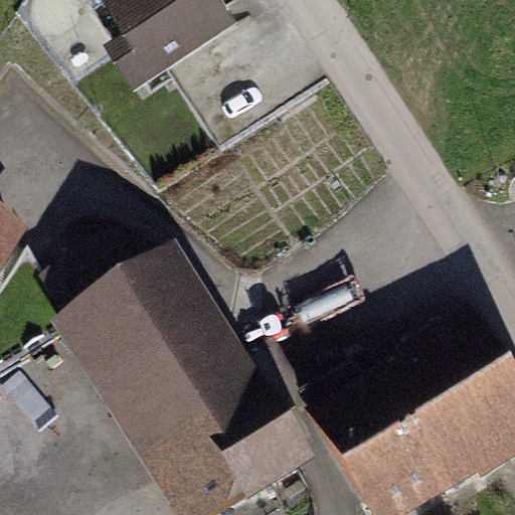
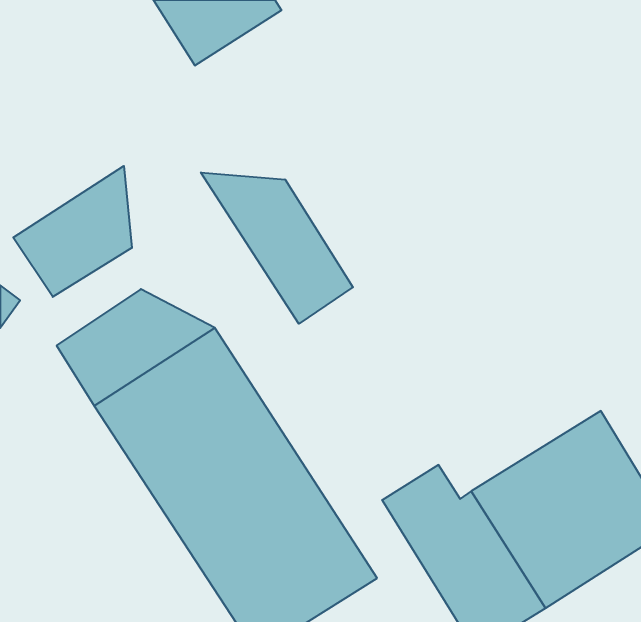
building: none -> [13,166,132,297]
building: none -> [201,172,353,324]

